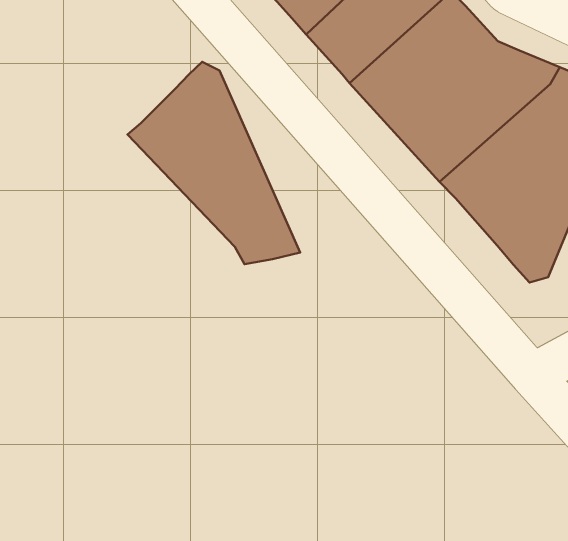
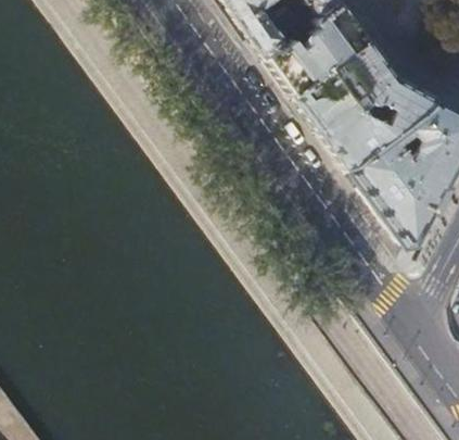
building: [128,62,300,264] -> none

